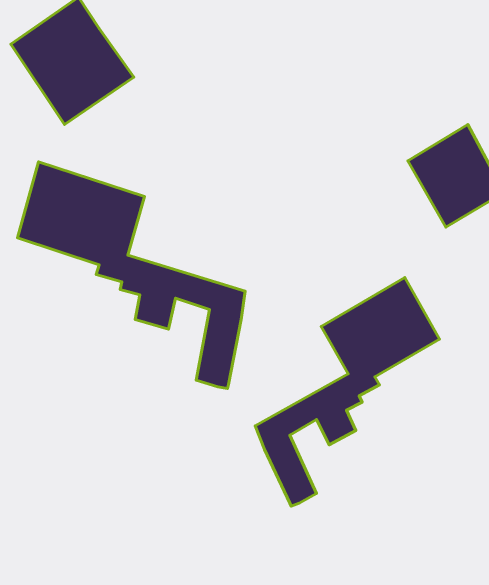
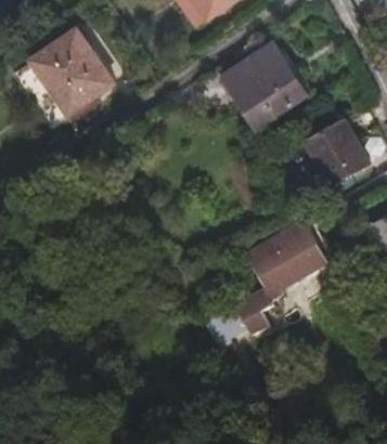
building: none -> [221,42,307,130]
building: [17,162,245,388] -> none

